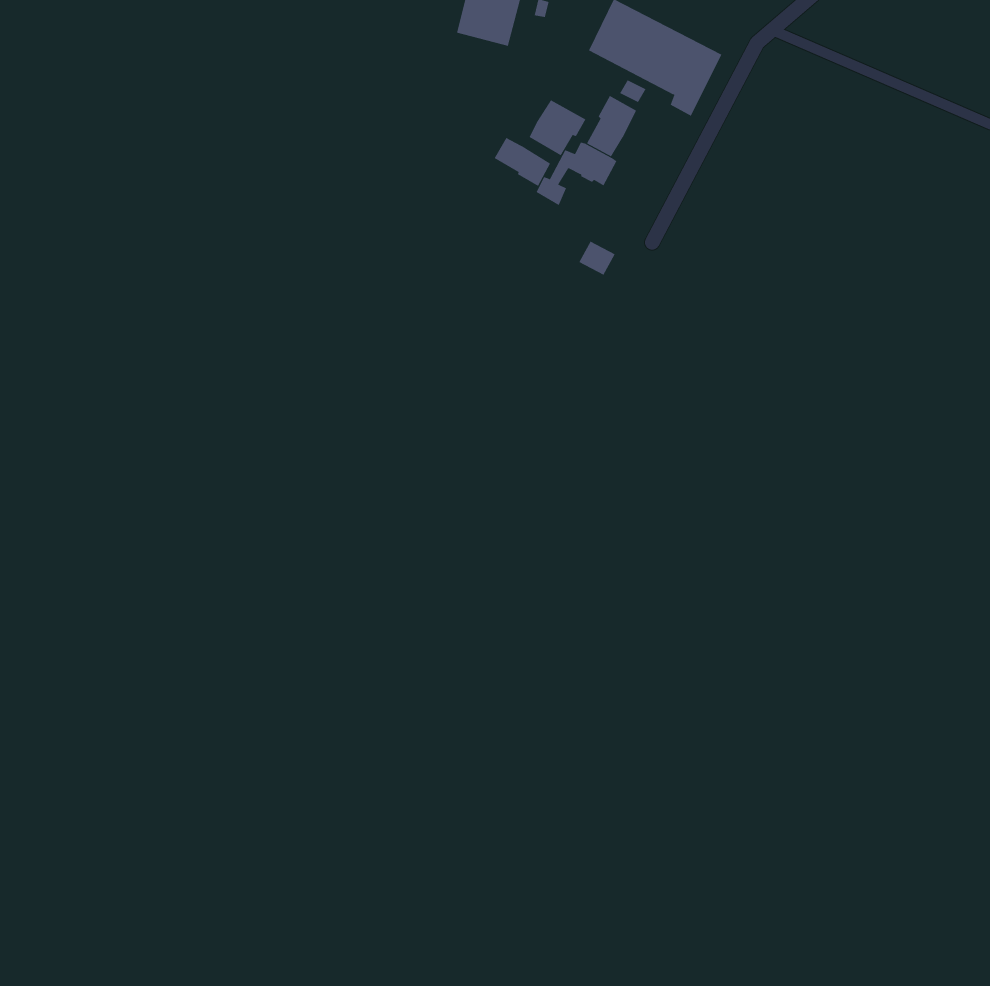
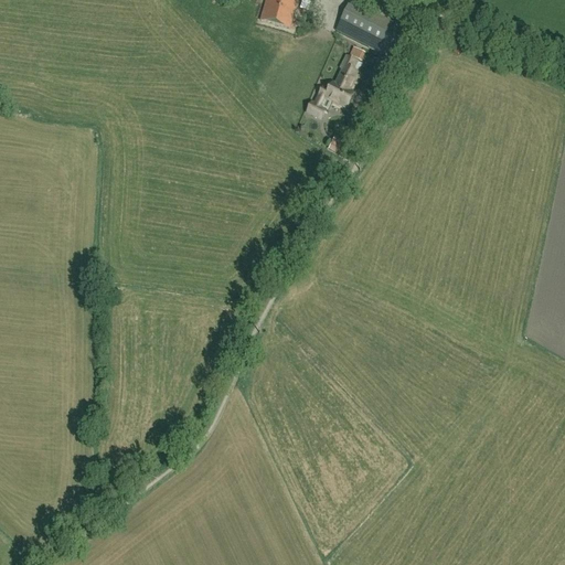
building: [529,99,586,156] -> none
building: [494,137,551,187] -> none

